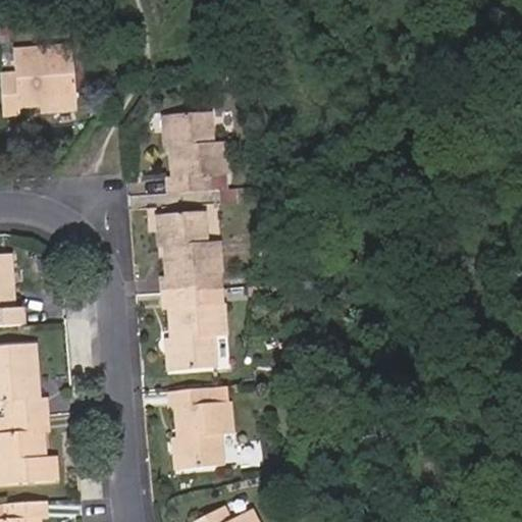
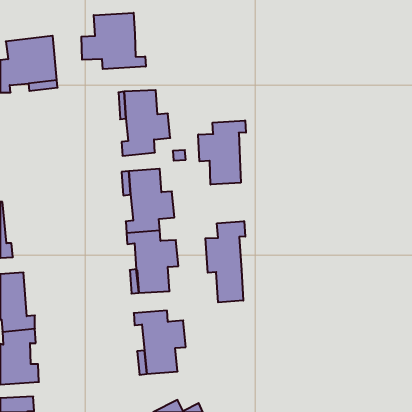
building: none -> [81,13,146,69]
building: none -> [198,120,246,185]
building: none -> [205,221,245,302]

